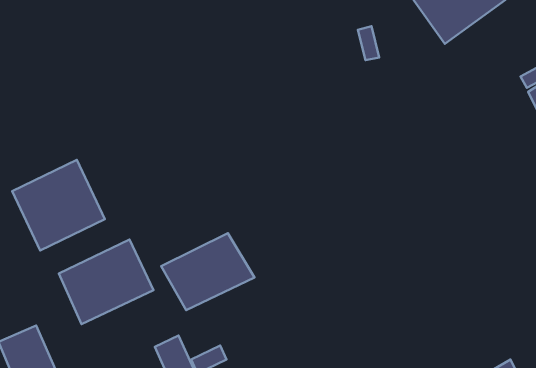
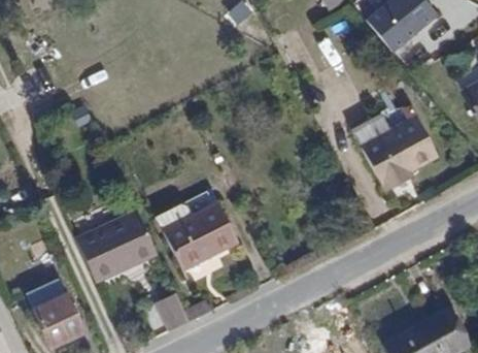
building: none -> [352,116,433,184]
building: [12,160,105,251] -> none

